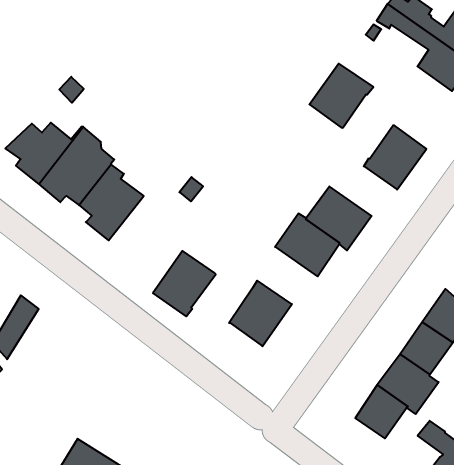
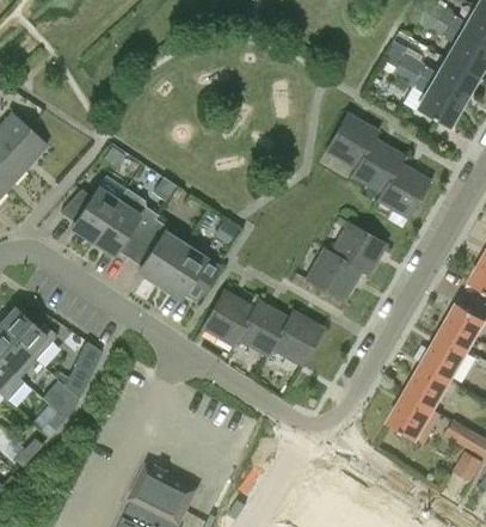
building: none -> [351,137,405,194]
building: none -> [159,244,213,301]
building: none -> [236,299,289,356]

